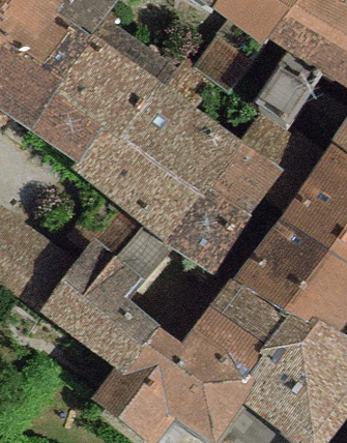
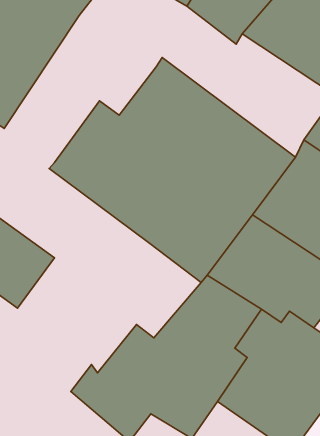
building: [27,17,180,165] -> none
building: [40,207,174,377] -> none

